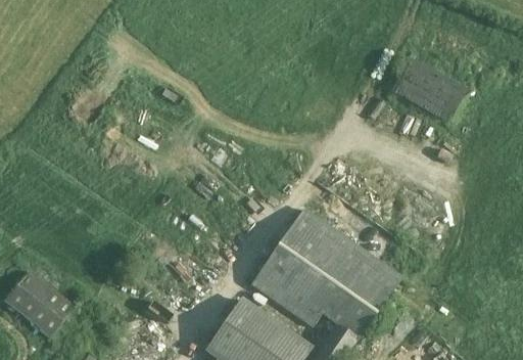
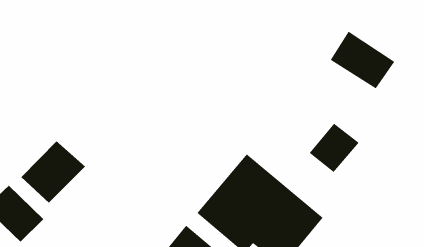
building: none -> [309,123,360,173]
building: none -> [21,140,86,203]

